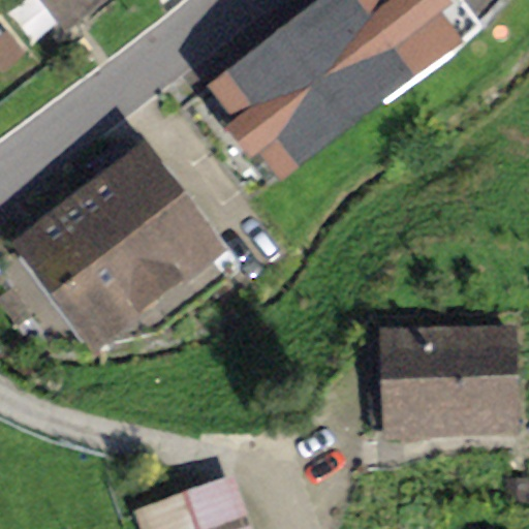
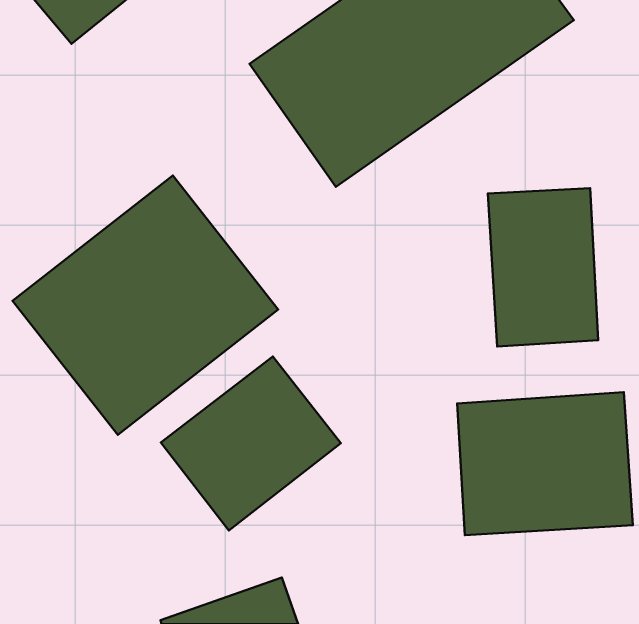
building: none -> [488,188,598,347]
building: none -> [161,356,341,531]

